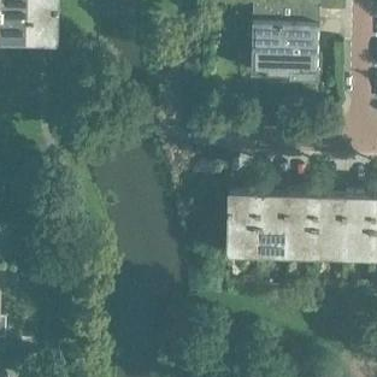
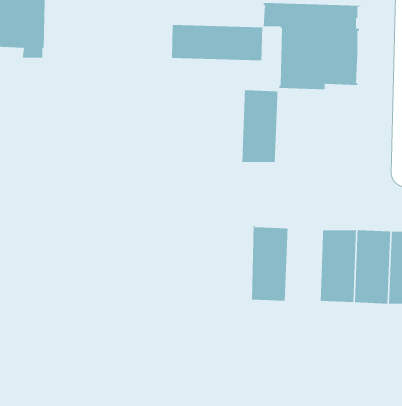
building: none -> [170,24,263,61]
building: [257,193,288,255] -> [241,88,278,163]

